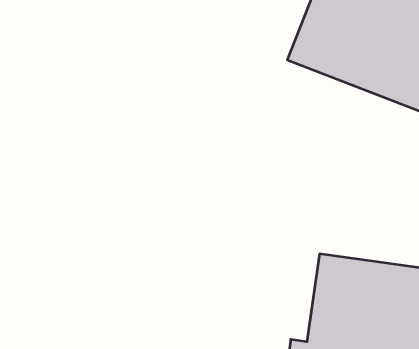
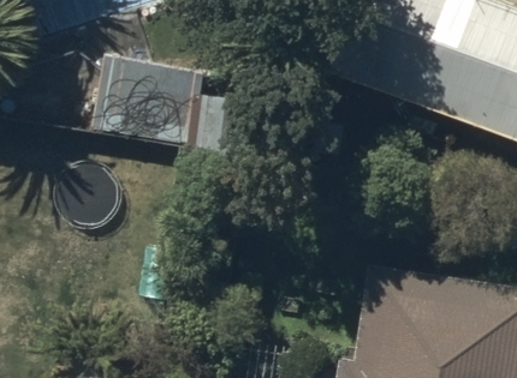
building: none -> [95,53,218,146]

